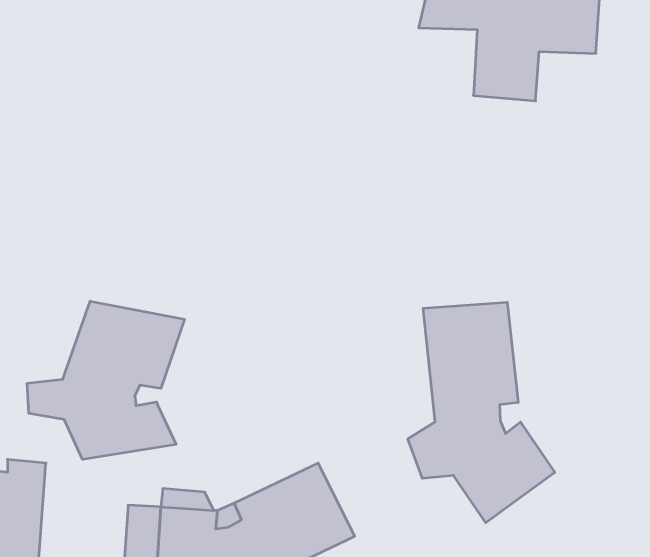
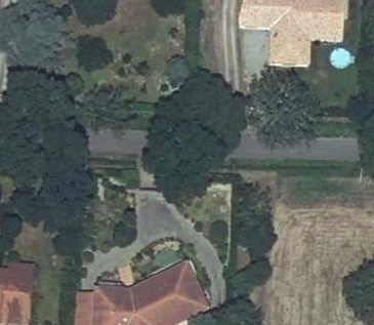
building: [27,301,184,459] -> none
building: [408,302,555,523] -> none

